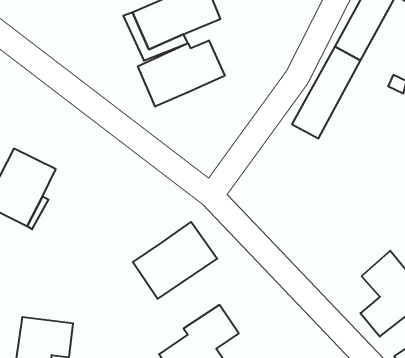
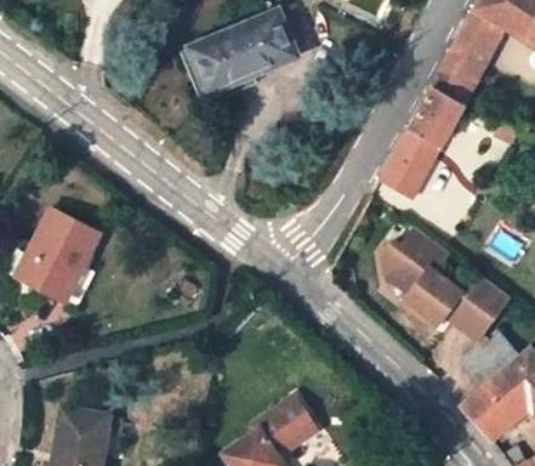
building: [138,40,225,107] -> none
building: none -> [381,226,506,337]
building: [133,222,217,299] -> none

